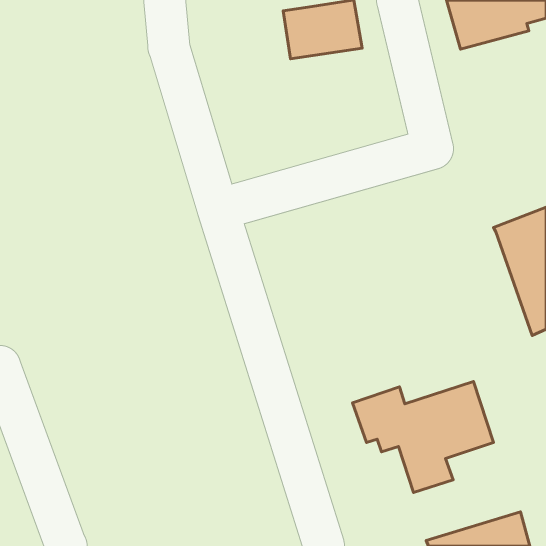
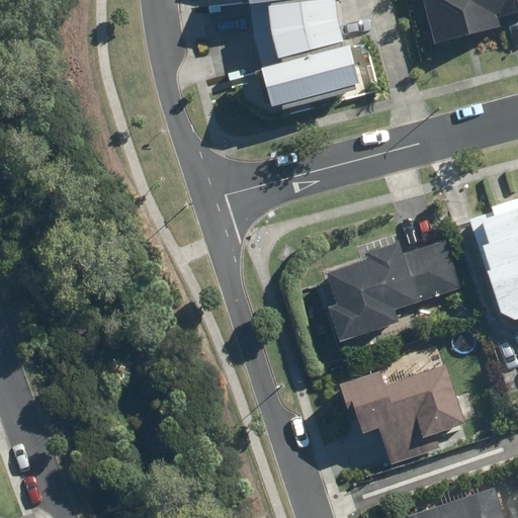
building: none -> [262,48,360,110]
building: none -> [328,236,461,341]

